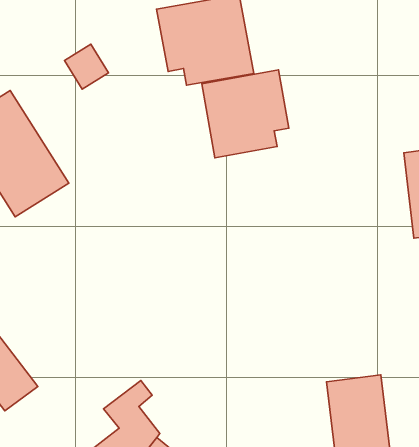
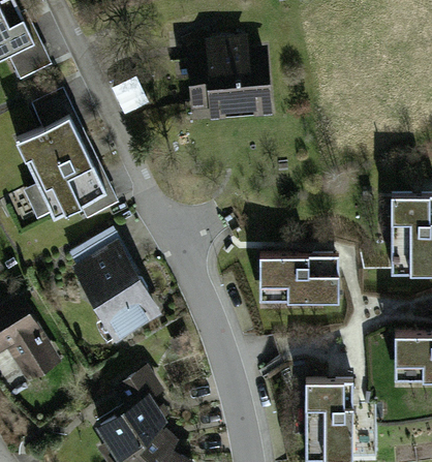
building: [202,70,289,158] -> none
building: none -> [260,256,338,304]
building: none -> [74,237,163,341]

